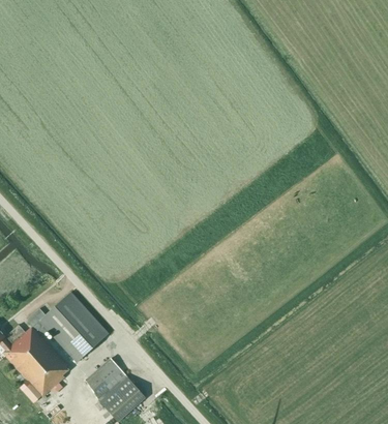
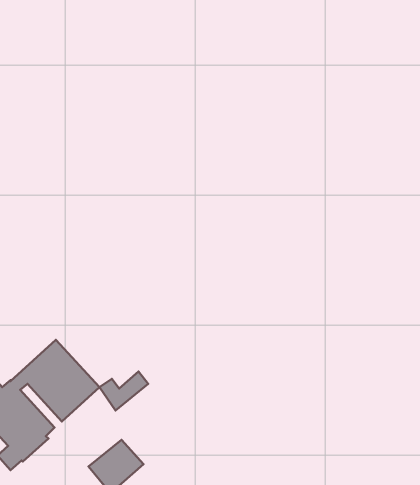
building: [86,366,127,399] -> [100,371,148,410]

